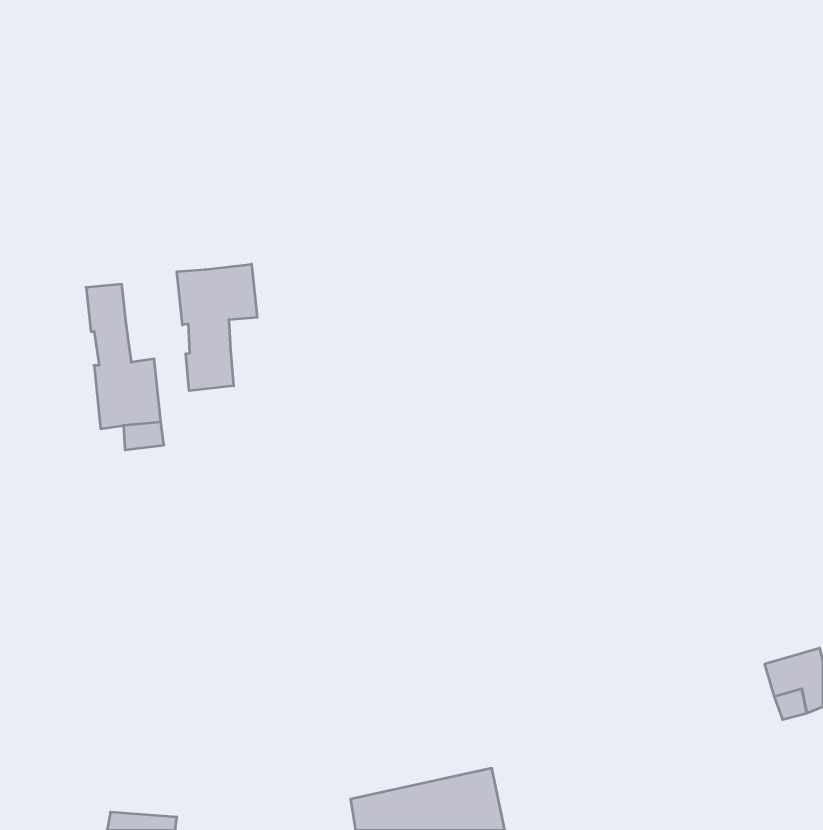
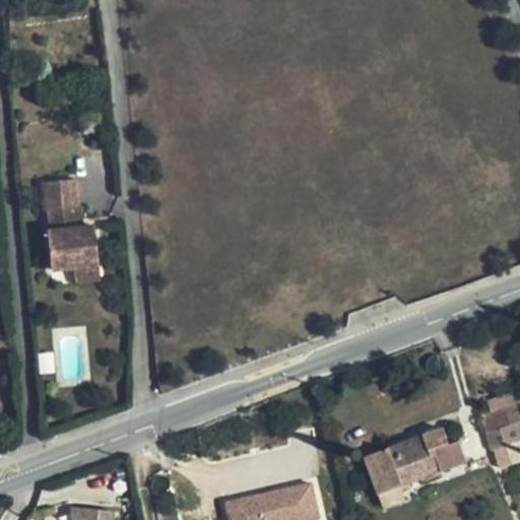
building: [177,264,257,391] -> none
building: none -> [361,429,465,496]

